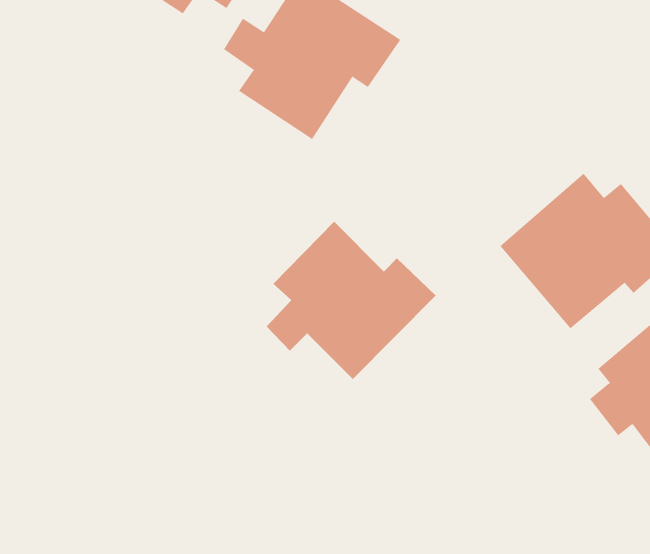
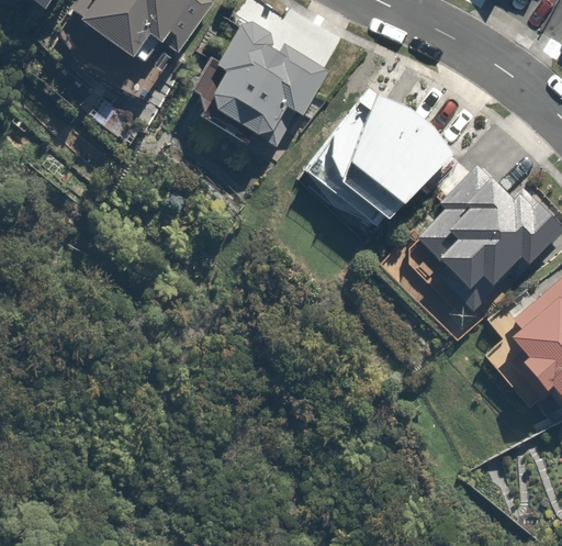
building: none -> [306,82,464,232]
building: [266,221,436,380] -> none

